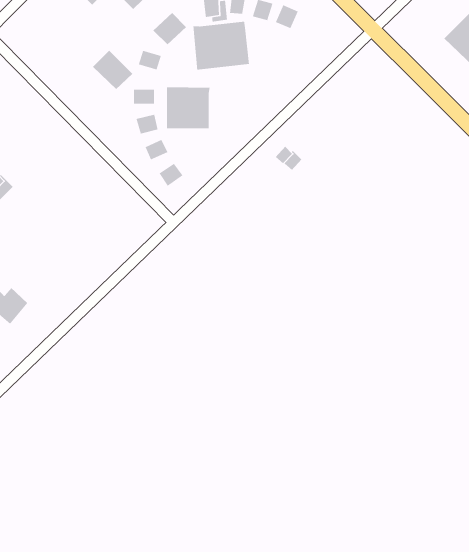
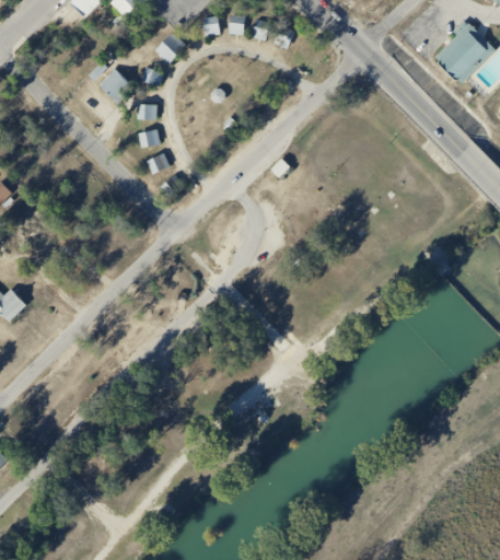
building: [192,21,250,70] -> none
building: [166,87,210,129] -> none

